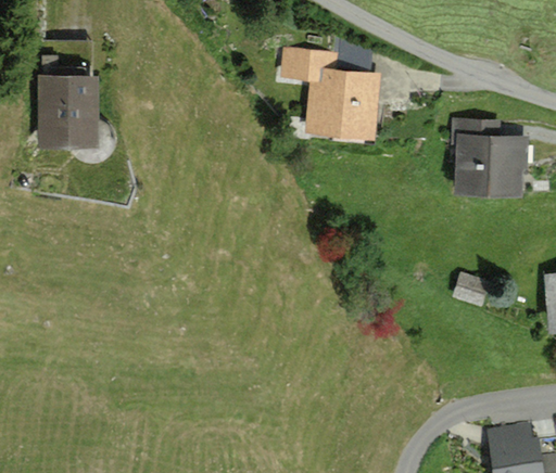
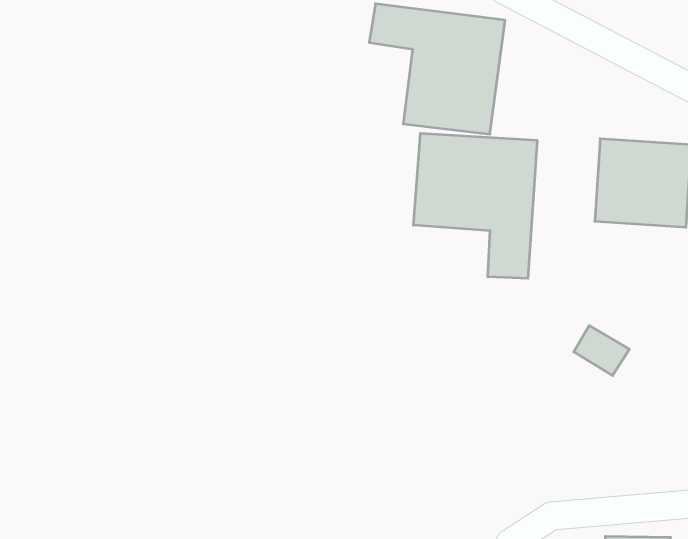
building: [37,71,103,143] -> none
building: none -> [413,133,537,278]

